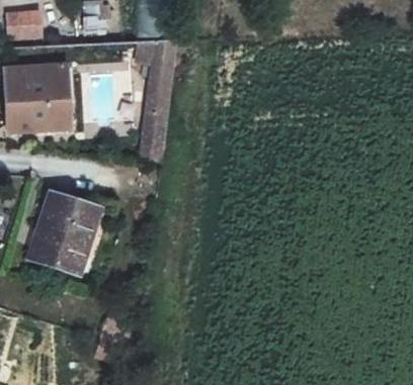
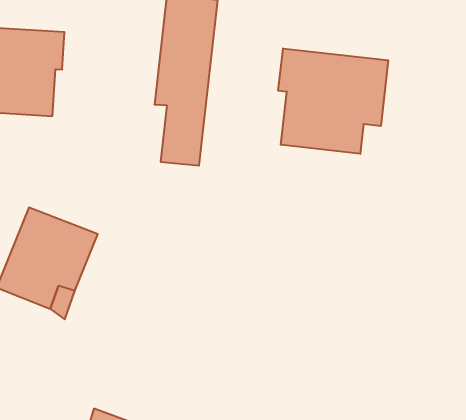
building: none -> [278,48,388,154]

